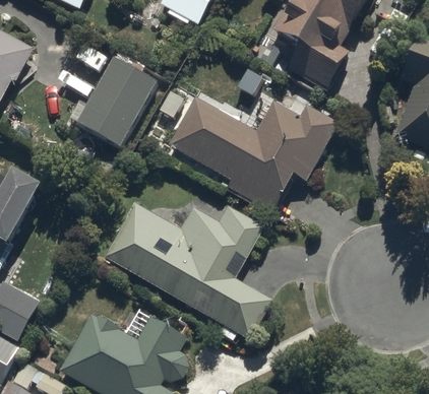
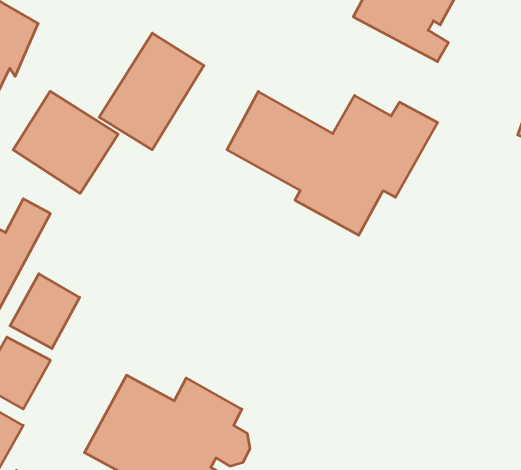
building: none -> [13,91,118,193]
building: [111,207,268,333] -> none
building: none -> [10,274,80,349]

